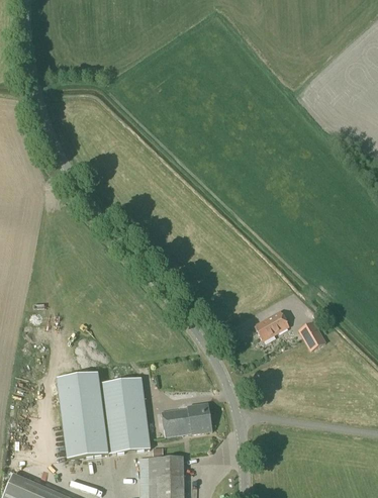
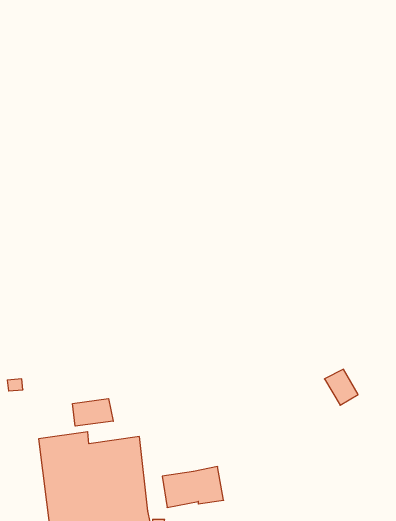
building: [254,311,288,341] -> none
building: none -> [73,399,113,426]

